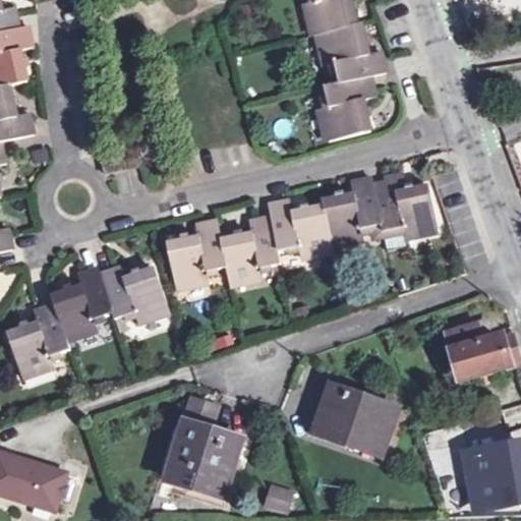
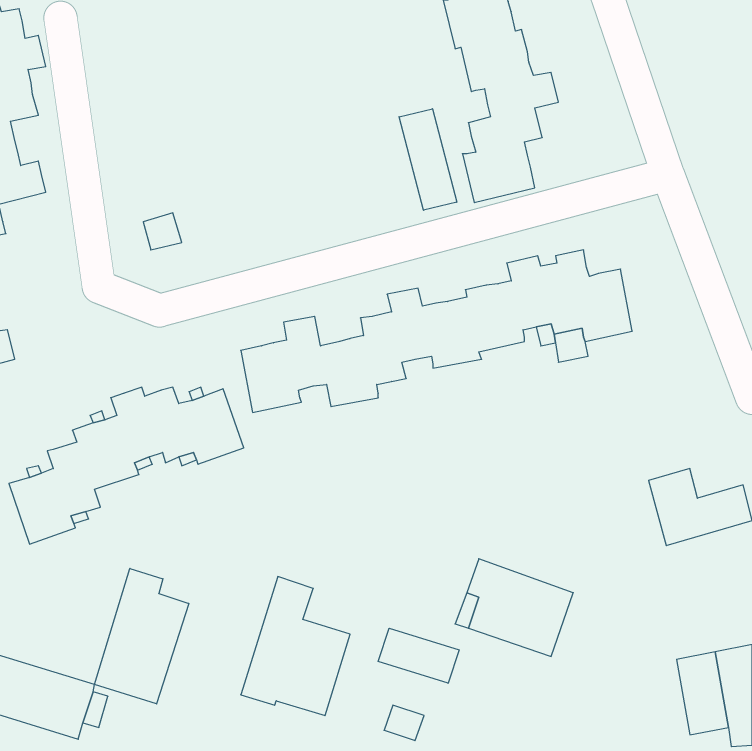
building: none -> [399,109,457,210]
building: none -> [95,568,189,704]
building: none -> [378,628,459,683]

